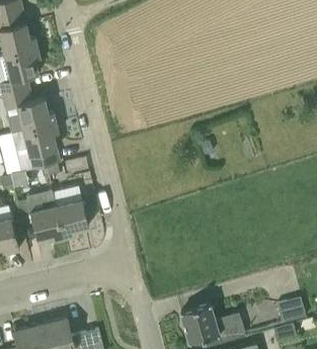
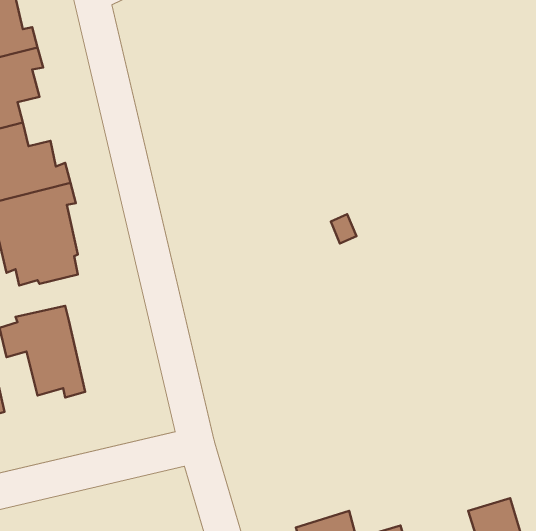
building: [55,192,89,238] -> none

